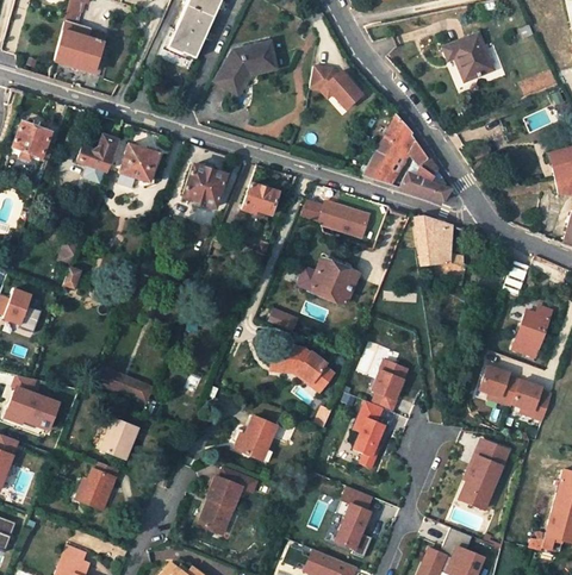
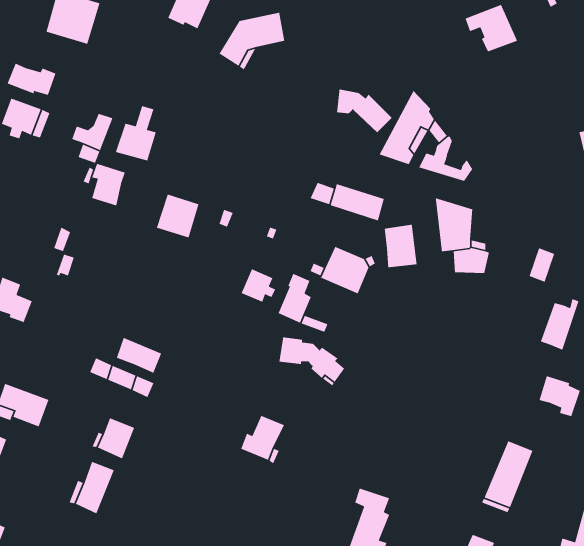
building: [309,63,361,105] -> [336,89,393,133]
building: none -> [6,63,57,96]
building: [182,165,223,207] -> [156,194,199,238]
building: none -> [91,163,126,206]
building: [241,183,278,214] -> none
building: none -> [384,224,417,268]
building: none -> [241,268,276,303]
building: none -> [116,337,162,374]
building: [353,357,410,467] -> none
building: [479,364,520,405] -> none
building: [199,467,257,530] -> none

